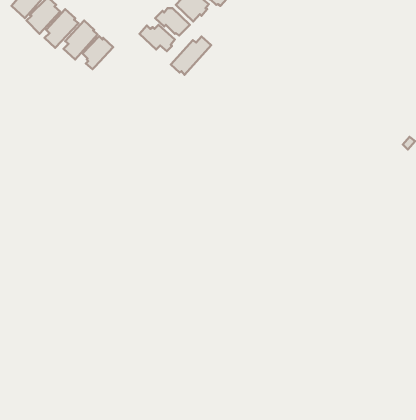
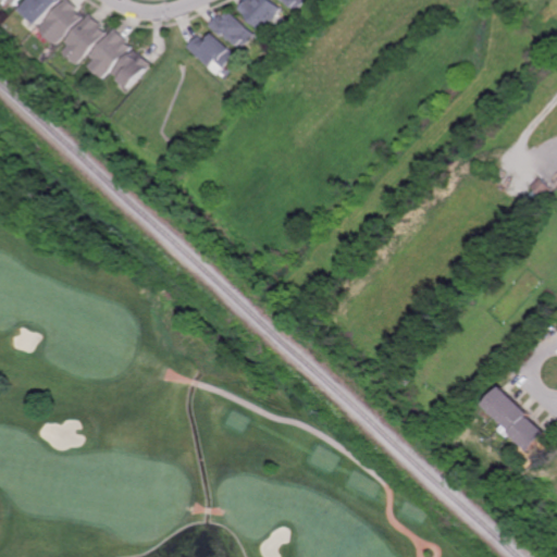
building: [171,36,211,75] -> none
building: none -> [479,385,543,453]

